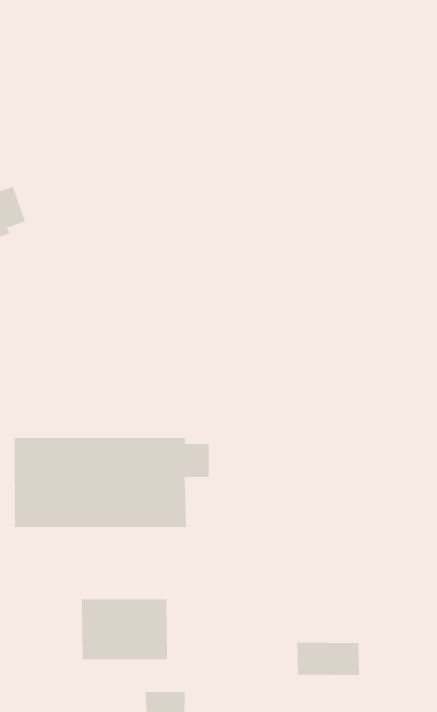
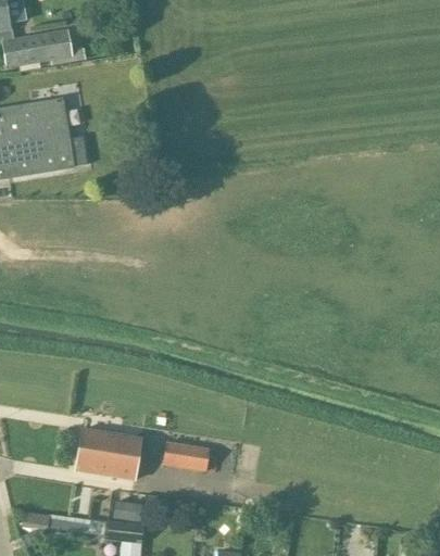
building: [14,437,209,528] -> none
building: [297,642,360,676] -> [164,441,211,471]

